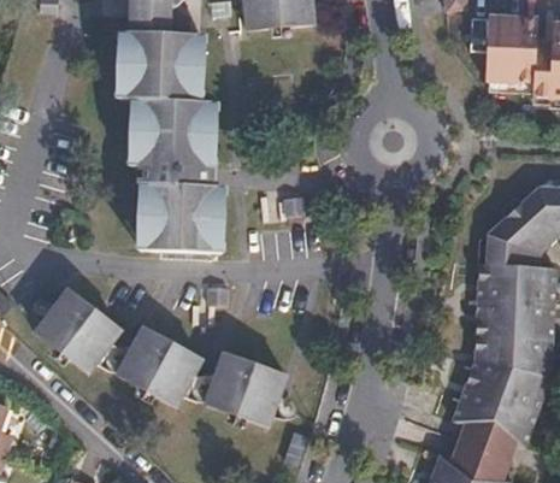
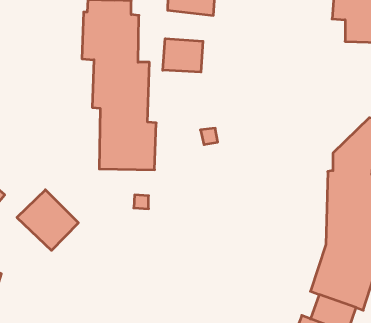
building: none -> [163,39,203,72]
building: [113,332,199,414] -> none
building: [200,364,284,443] -> none

